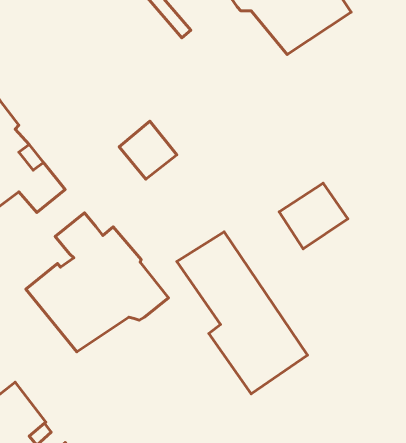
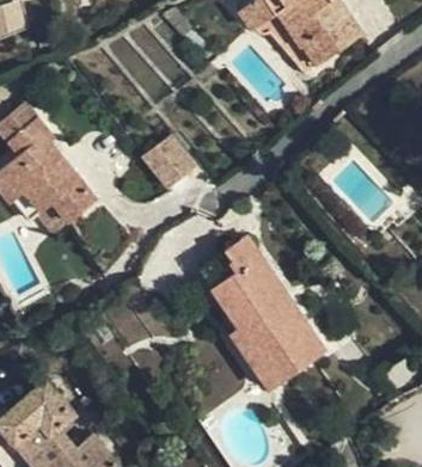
building: [279,183,348,249] -> none
building: [26,213,168,352] -> none

